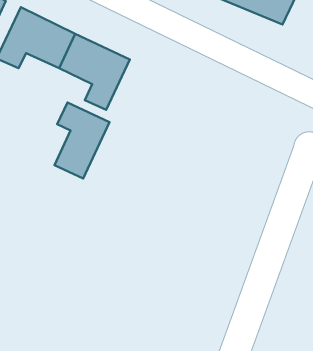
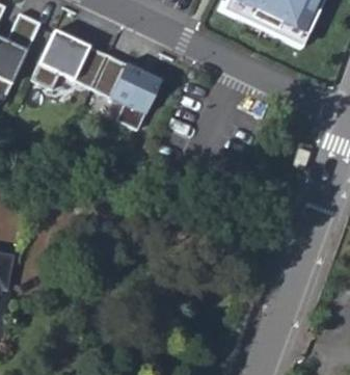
building: [55,102,109,178] -> none

